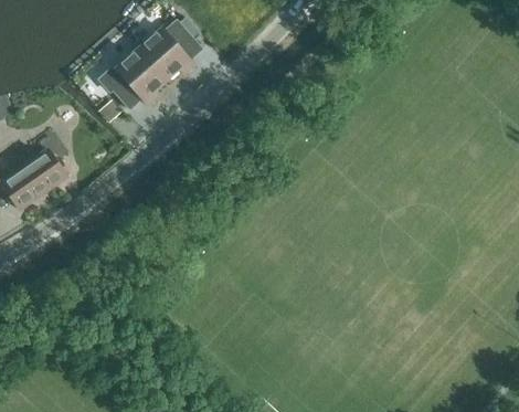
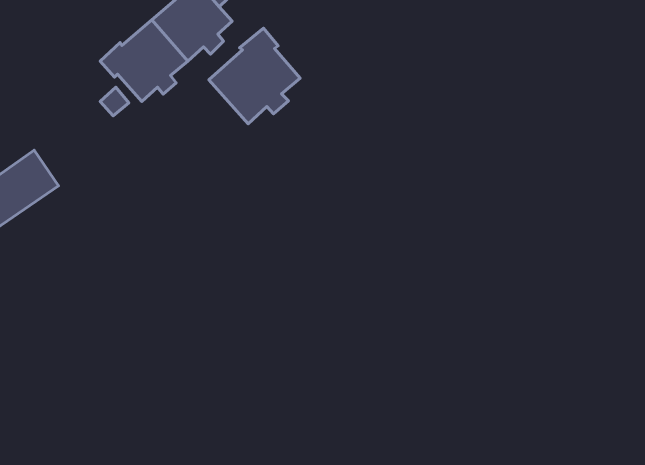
building: none -> [209,28,300,124]

